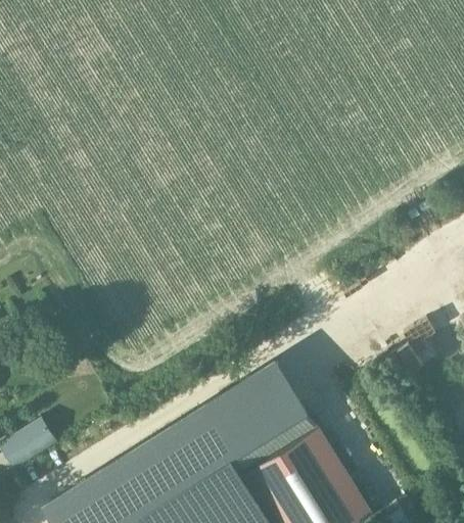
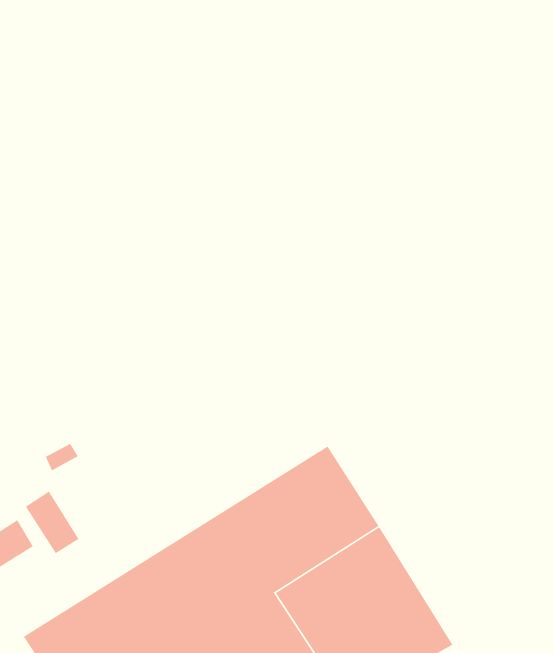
building: none -> [25,490,79,554]

